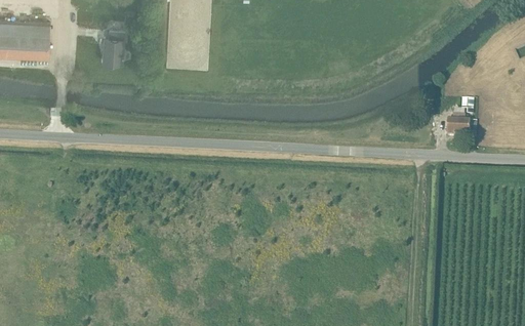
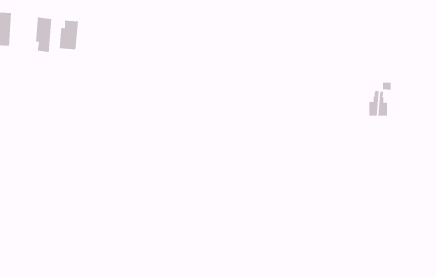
building: none -> [35,17,52,53]

